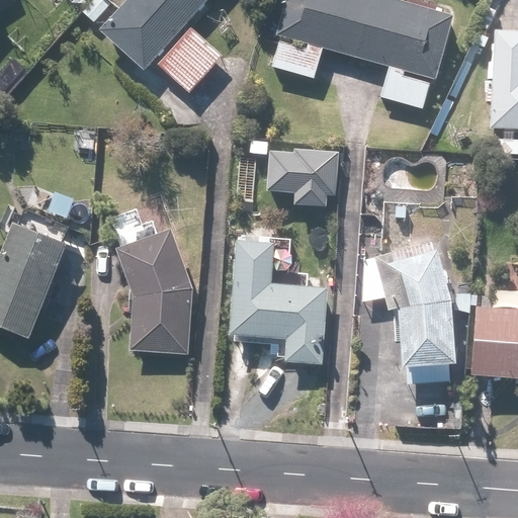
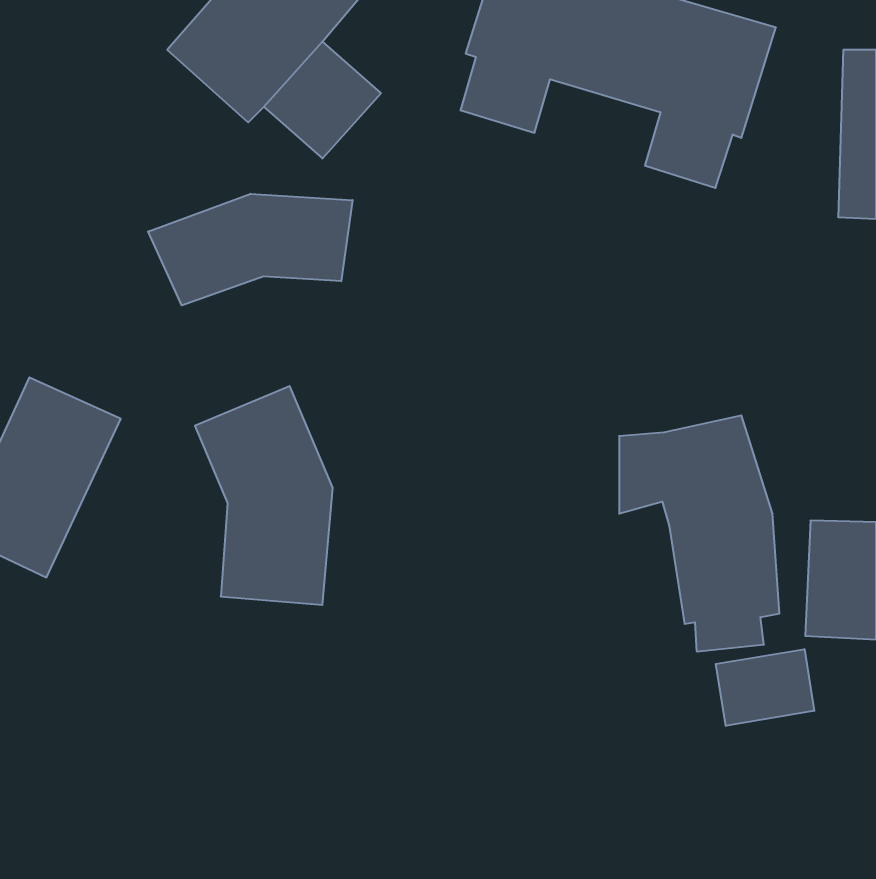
building: none -> [148,194,353,305]
building: [271,149,339,199] -> none
building: [229,241,327,361] -> none
building: none -> [716,649,814,726]

